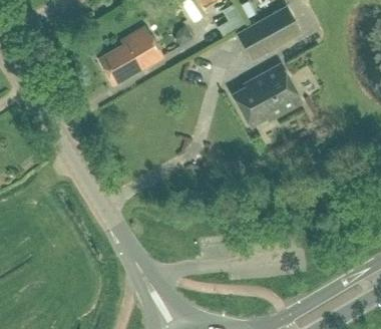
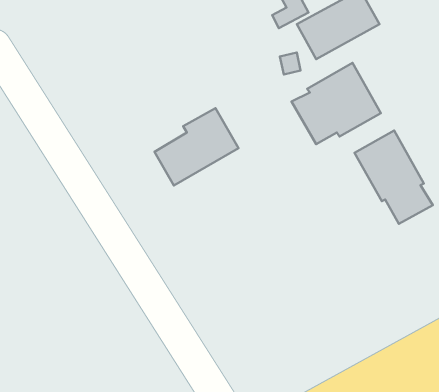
building: [98,26,163,86] -> [155,108,239,186]
building: none -> [355,131,433,224]

